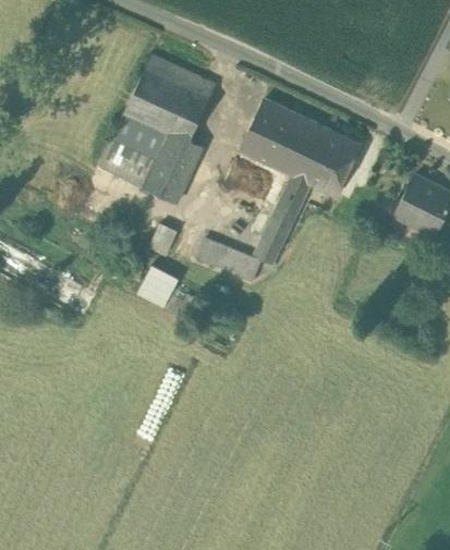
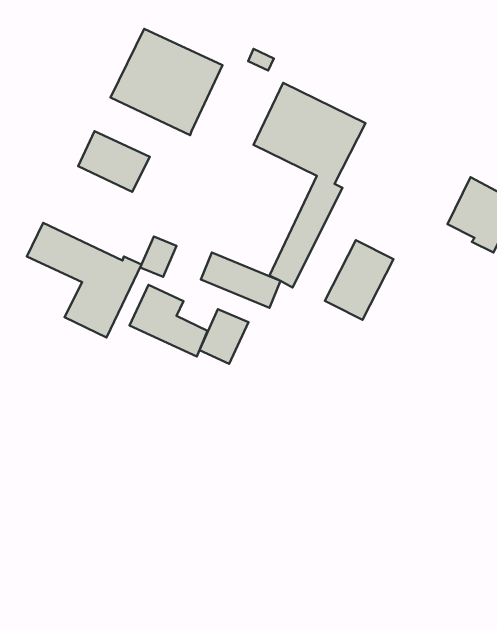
building: [111,111,204,204] -> [27,223,141,337]
building: [305,132,361,196] -> [325,240,393,320]
building: none -> [199,309,248,364]

